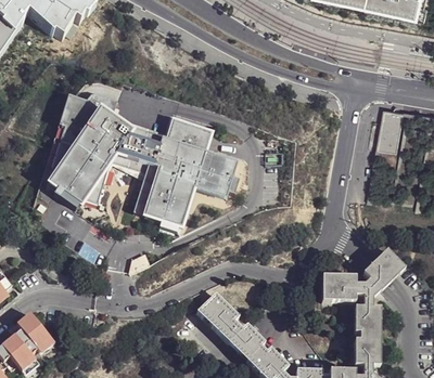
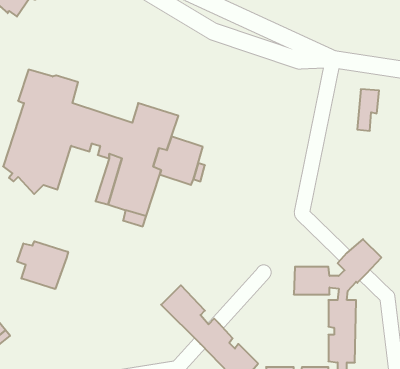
building: none -> [17,241,68,289]

